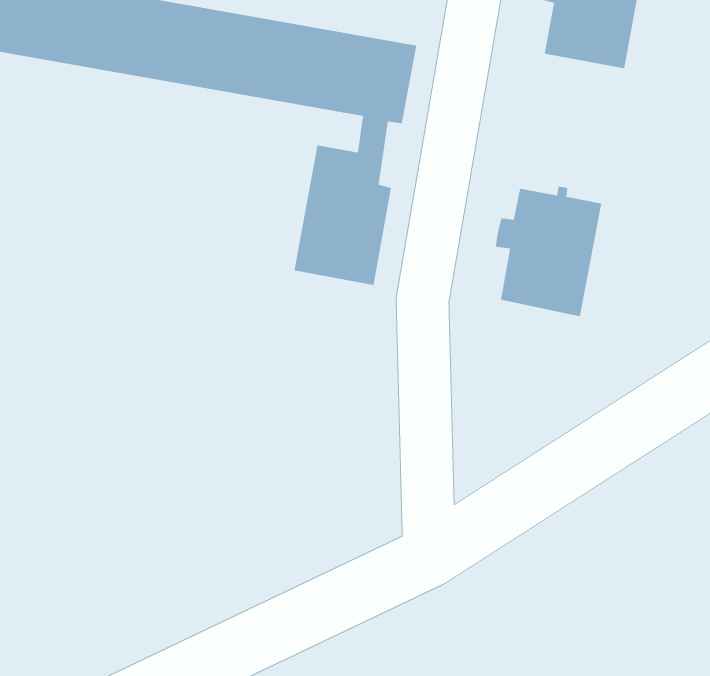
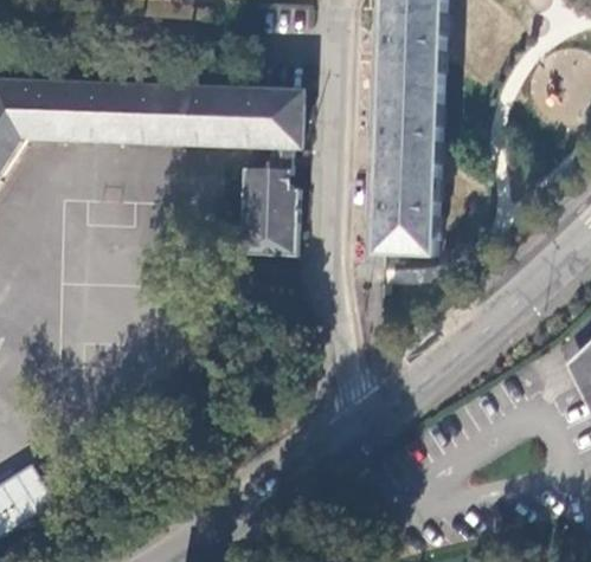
building: none -> [372,88,438,180]

